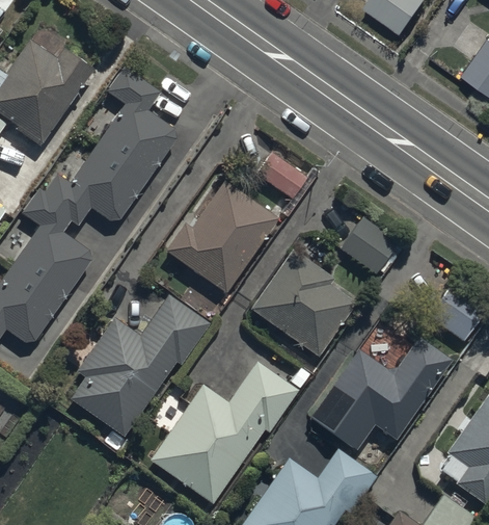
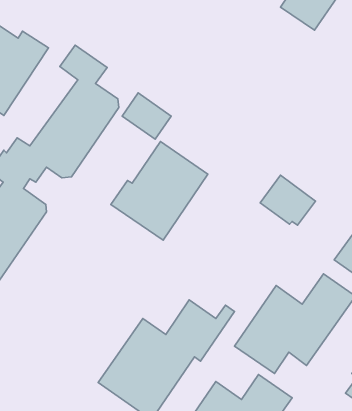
building: [252,148,309,202] -> [122,93,171,139]
building: [249,250,356,357] -> none
building: [71,295,209,436] -> none

